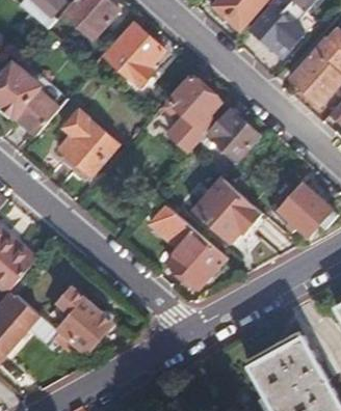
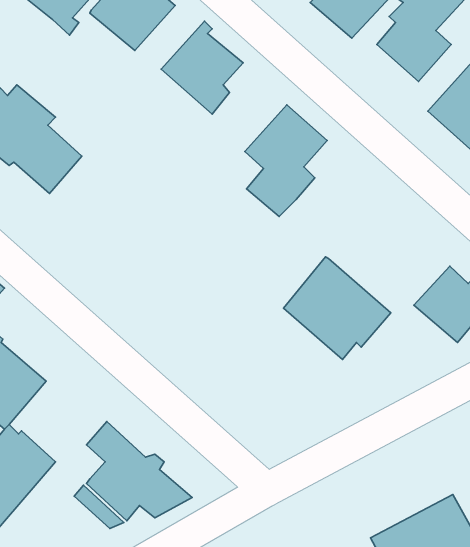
building: [201,106,261,160] -> none
building: [58,109,117,172] -> none
building: [157,209,228,287] -> none

